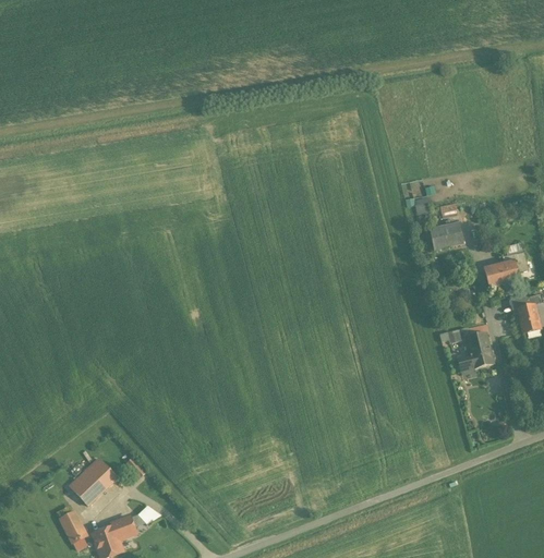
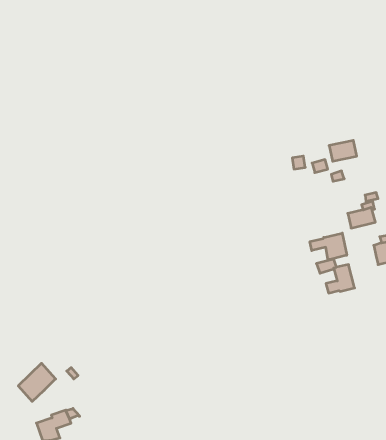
building: [430,223,464,250] -> [329,140,357,161]
building: none -> [310,233,347,260]
building: [61,511,87,543] -> none

